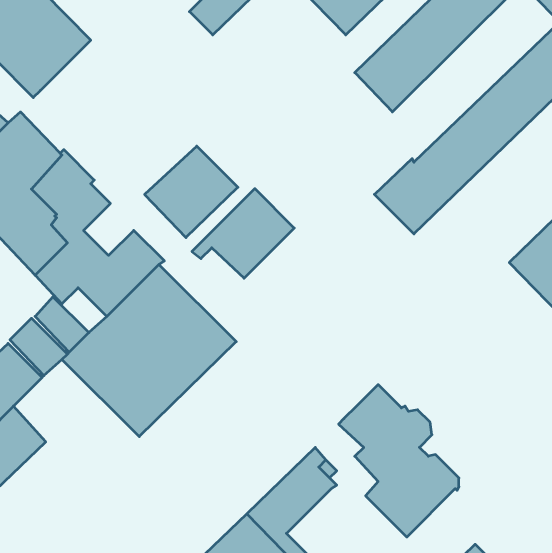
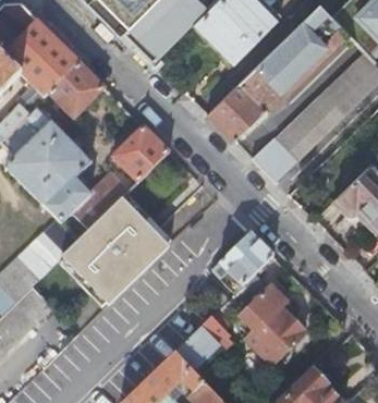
building: none -> [50,64,105,120]
building: none -> [209,84,266,141]
building: [192,189,294,278] -> [210,232,272,286]

